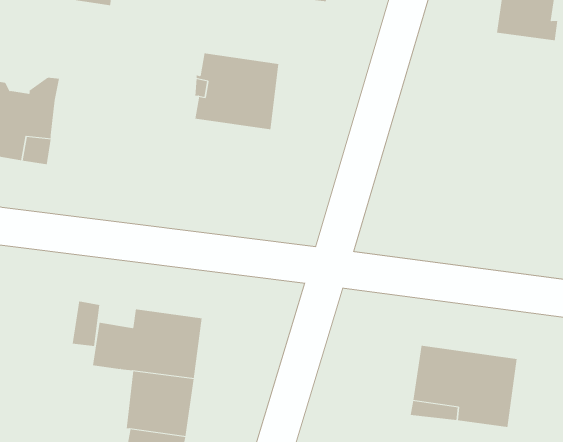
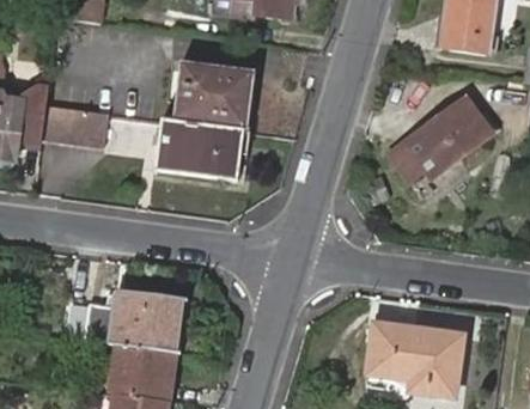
building: none -> [389,94,492,176]
building: none -> [48,104,114,144]
building: none -> [158,120,243,176]

